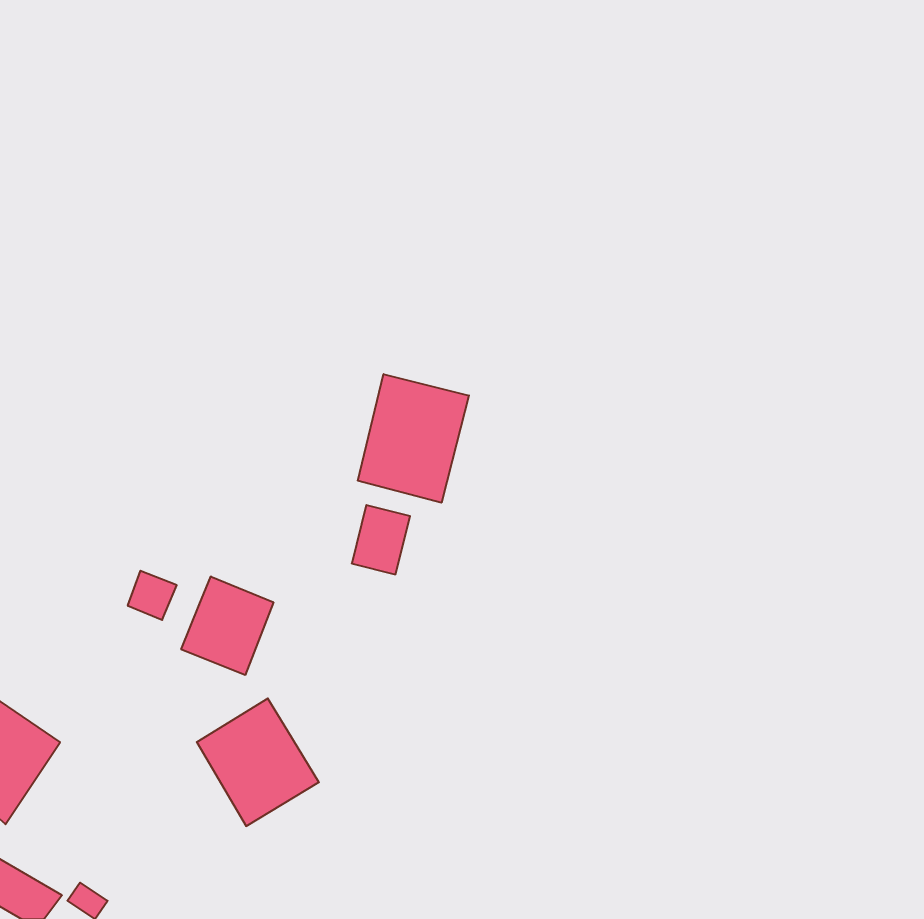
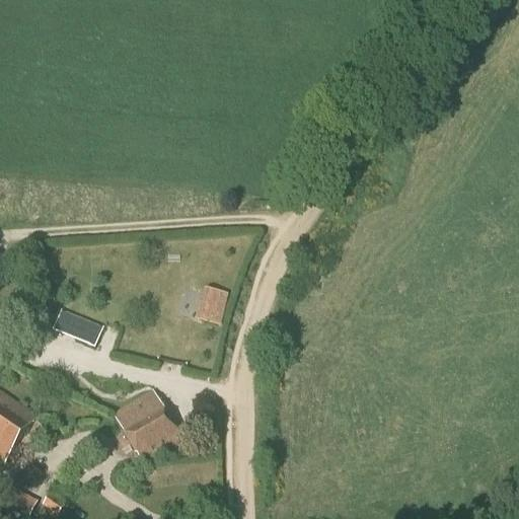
building: [358,374,469,503] -> none
building: [181,576,273,675] -> none

